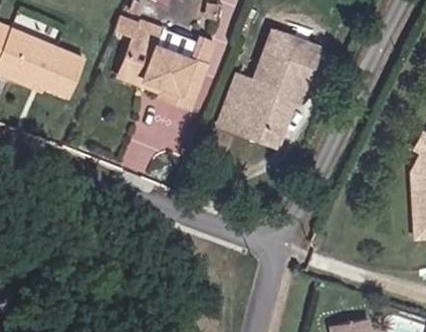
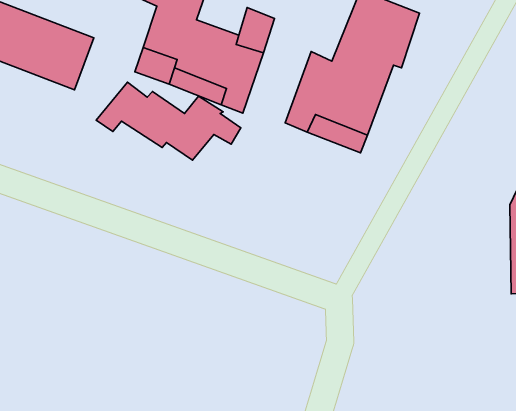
building: none -> [96,82,241,160]

